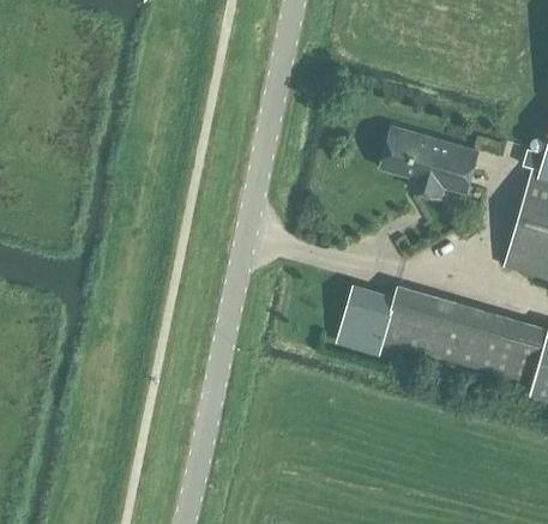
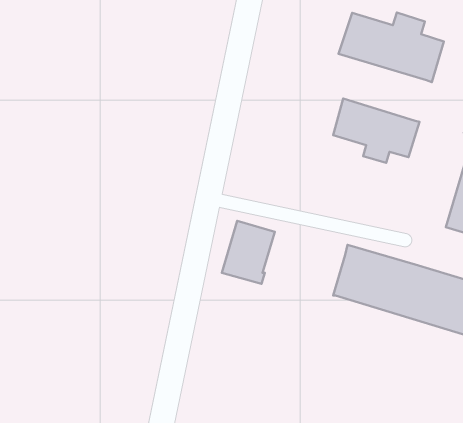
building: none -> [338,13,444,82]
building: [337,285,395,354] -> [222,221,275,284]

